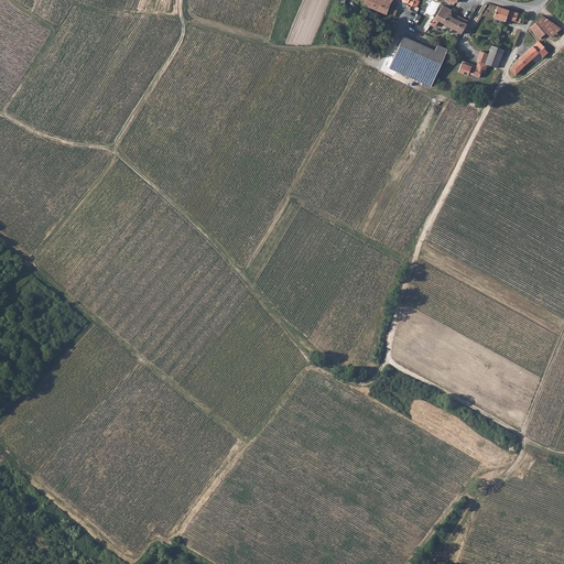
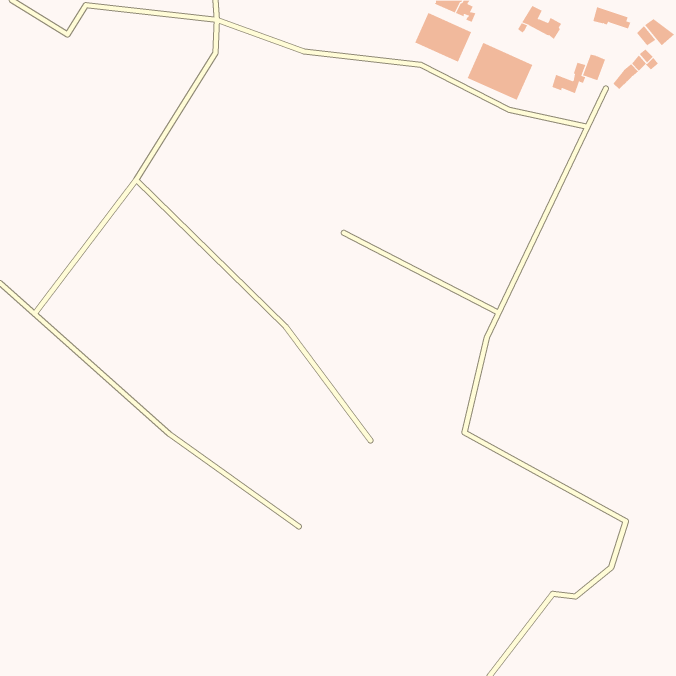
building: none -> [414,12,472,63]

